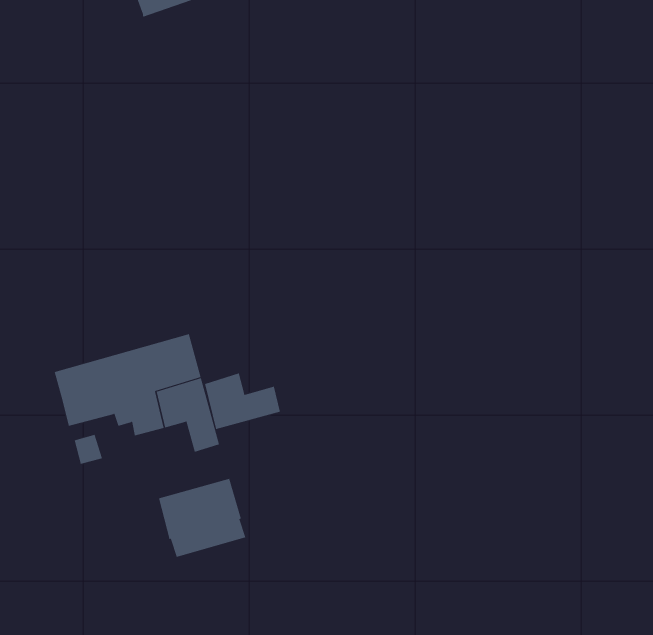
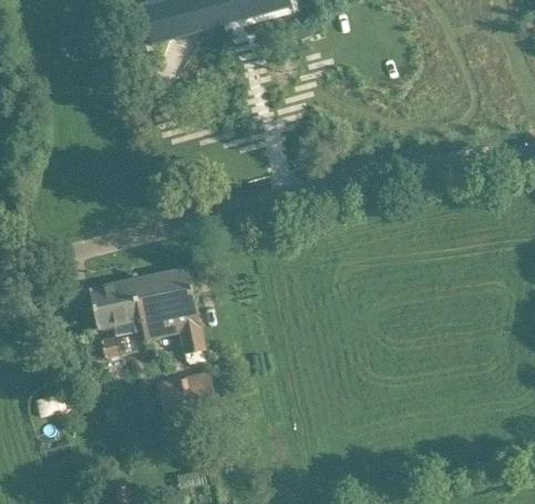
building: [204,373,280,430] -> none

